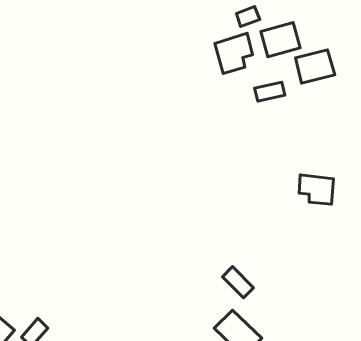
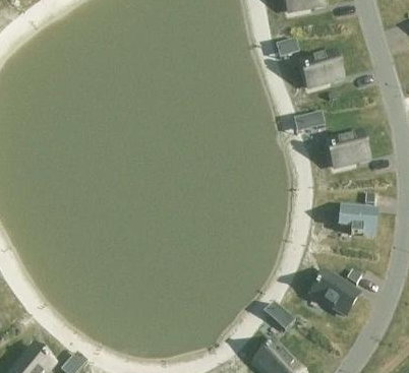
building: [215,33,253,73] -> none
building: [295,50,335,83] -> [328,131,367,165]
building: none -> [310,269,358,313]

